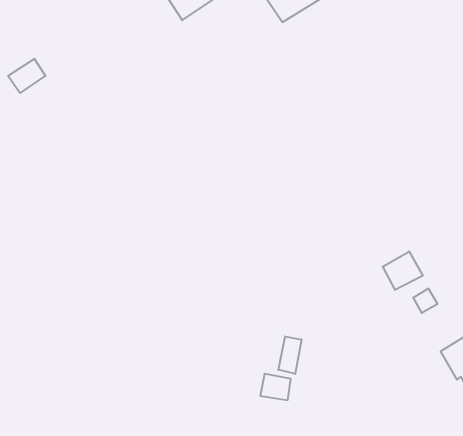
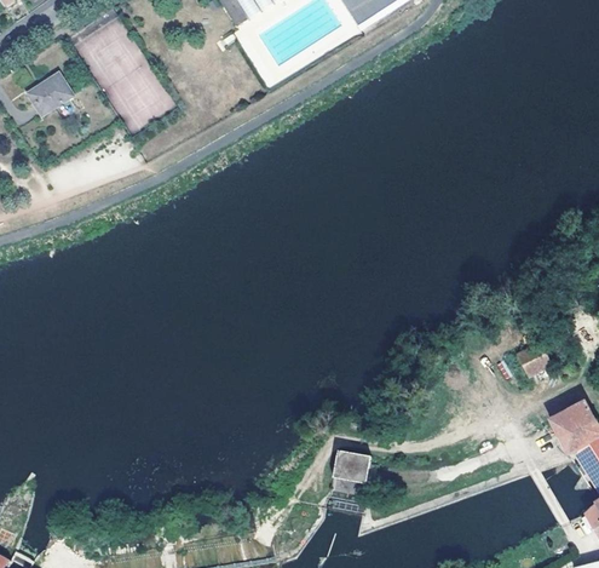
building: [383,251,423,290] -> none
building: [278,336,301,374] -> none

